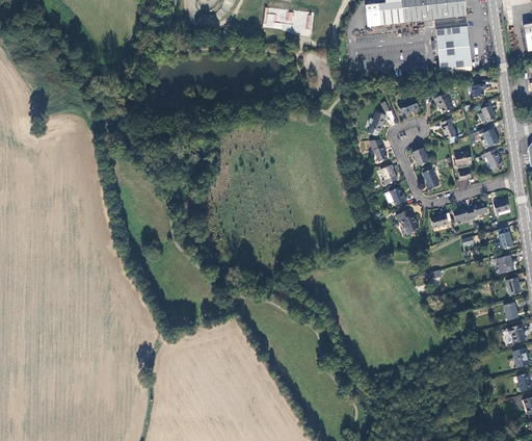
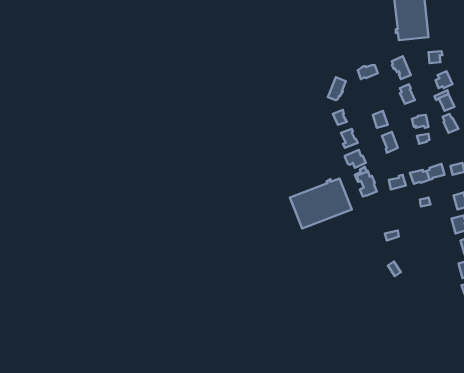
building: none -> [290,178,352,229]

